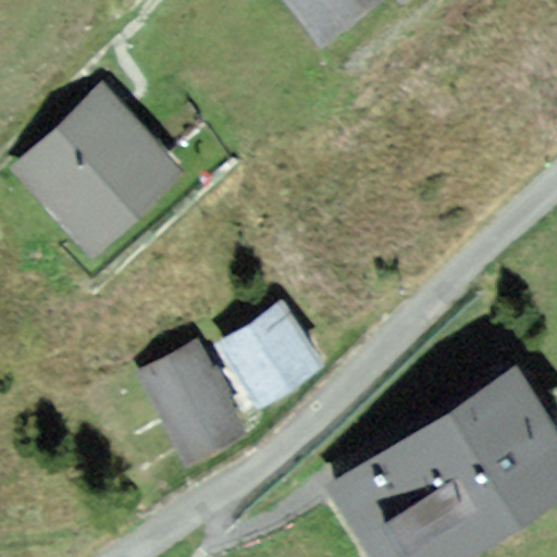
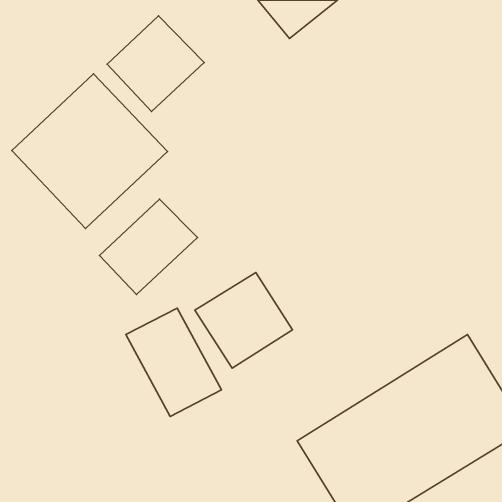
building: none -> [107,16,204,112]
building: none -> [100,199,198,295]

